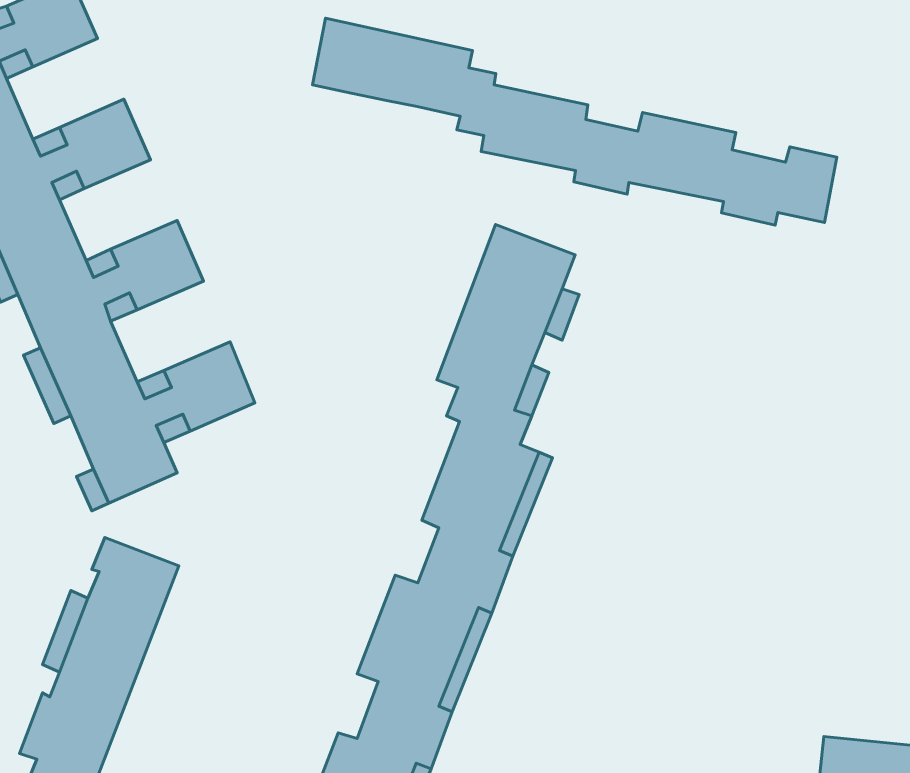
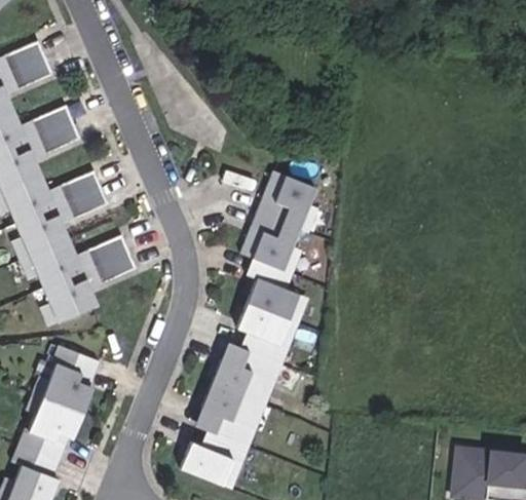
building: [312,18,837,225] -> none

